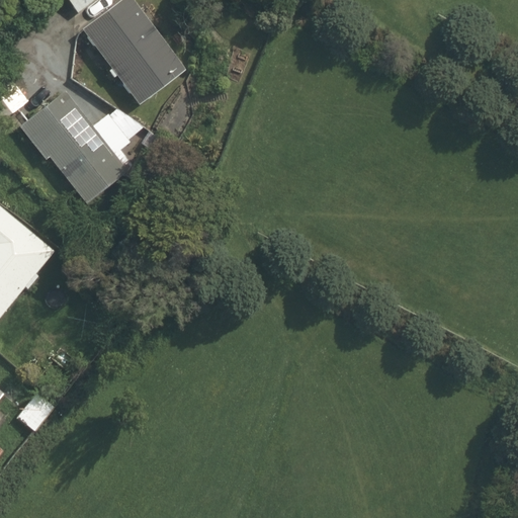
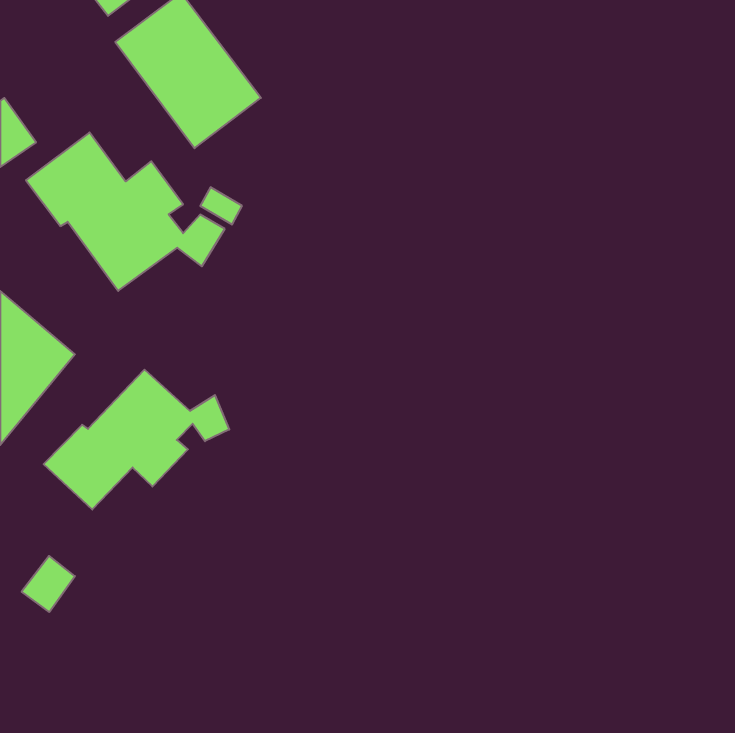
building: none -> [44,370,229,510]

